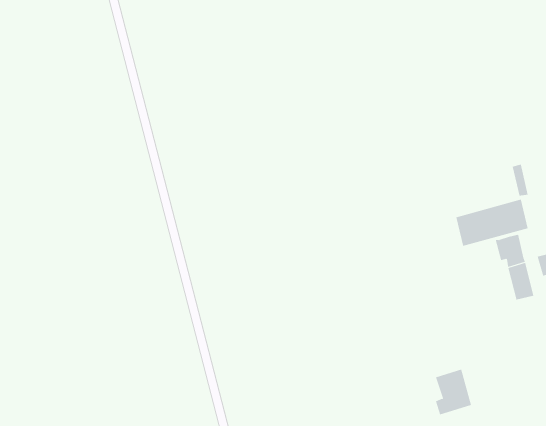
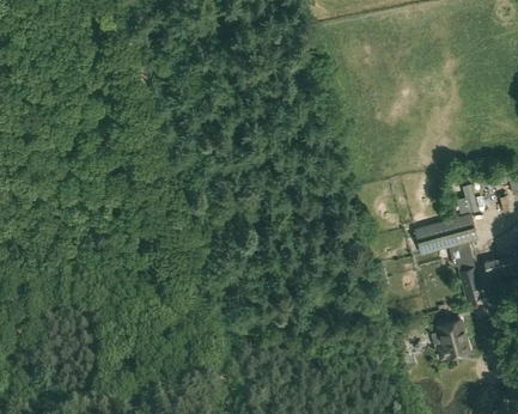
building: [435,369,472,415] -> [438,318,469,358]

